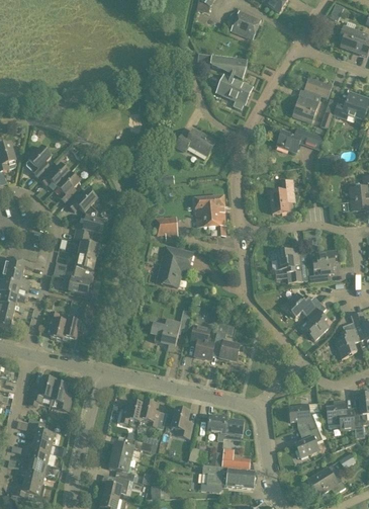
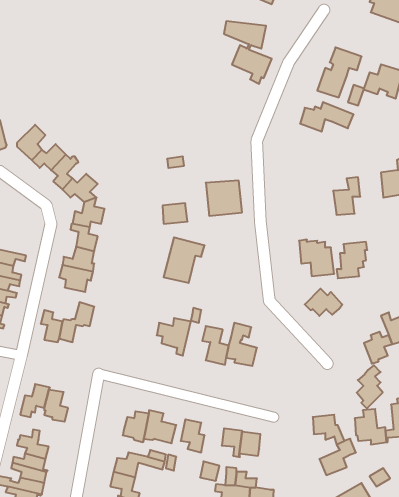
building: [175,130,214,155] -> none
building: [269,179,293,213] -> [333,177,360,215]
building: [304,302,328,340] -> [357,365,383,409]

